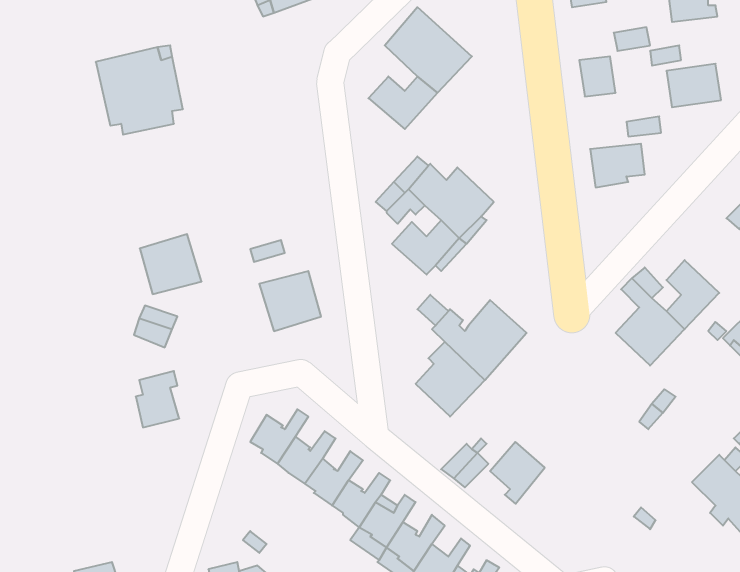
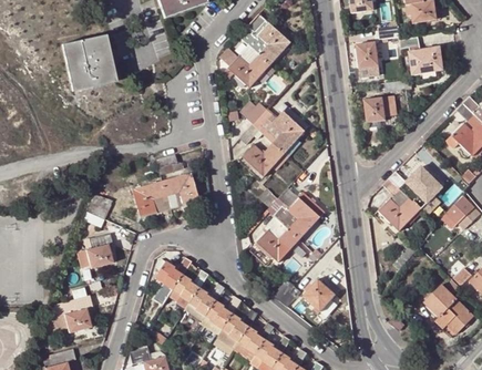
building: [140,234,202,294] -> [132,181,170,217]
building: none -> [60,296,91,333]

